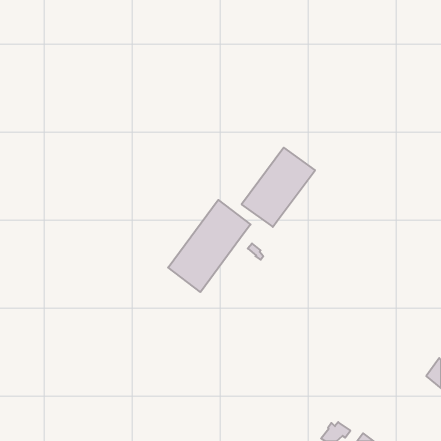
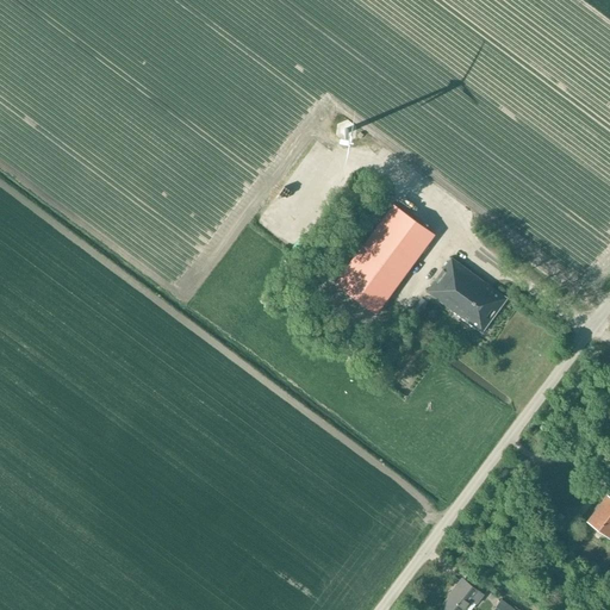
building: none -> [427,257,505,331]
building: [168,200,251,292] -> none

